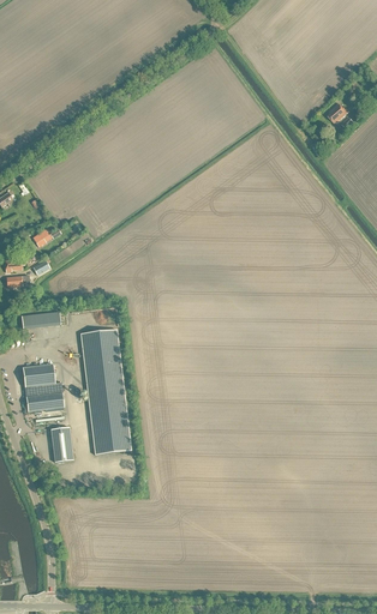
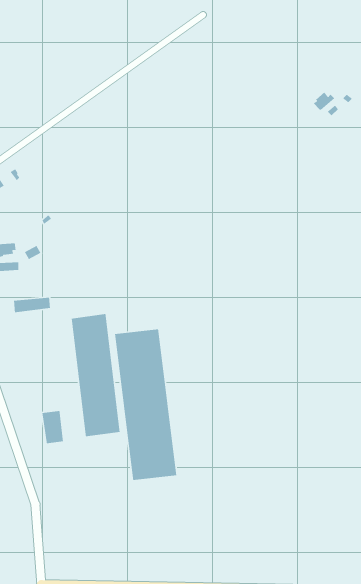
building: none -> [114,329,177,481]
building: [23,362,64,411] -> none

